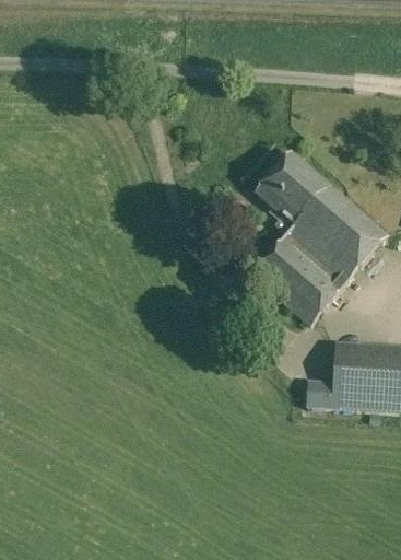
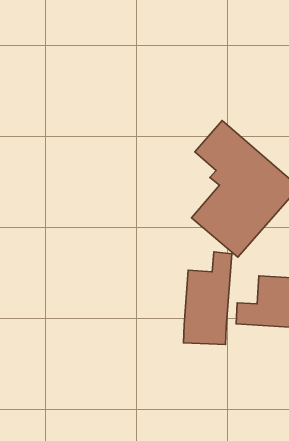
building: none -> [184,252,232,345]

